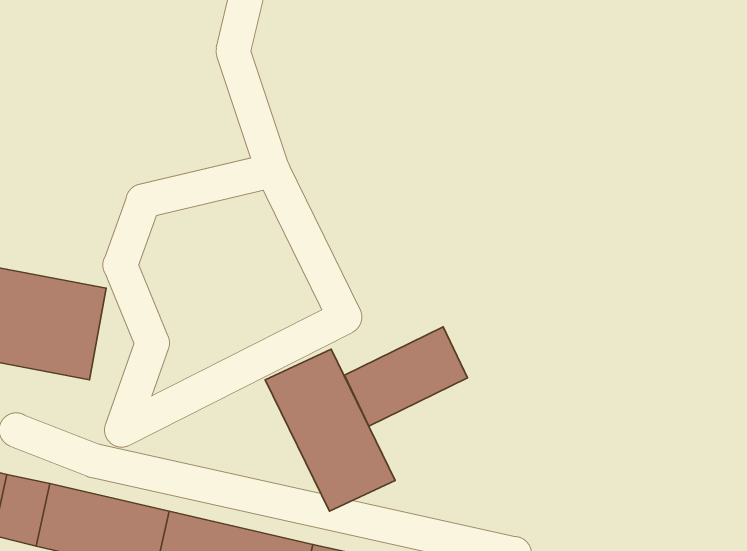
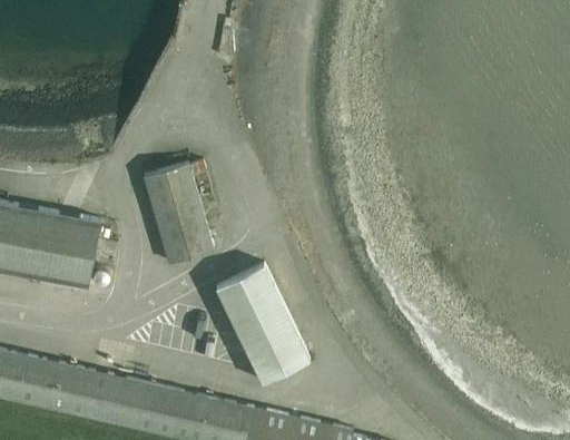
building: none -> [144,163,213,263]
building: [344,327,468,426] -> none

